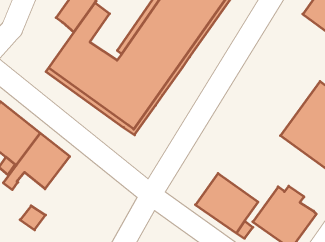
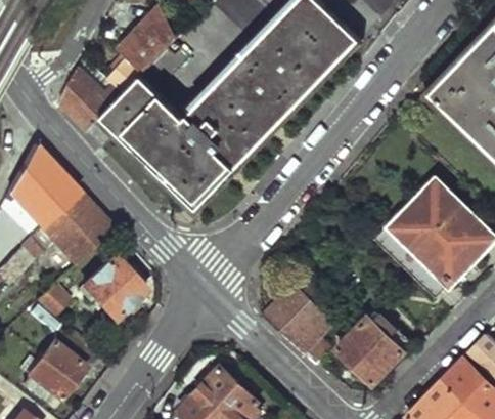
building: none -> [57,58,139,129]
building: none -> [82,256,144,319]

